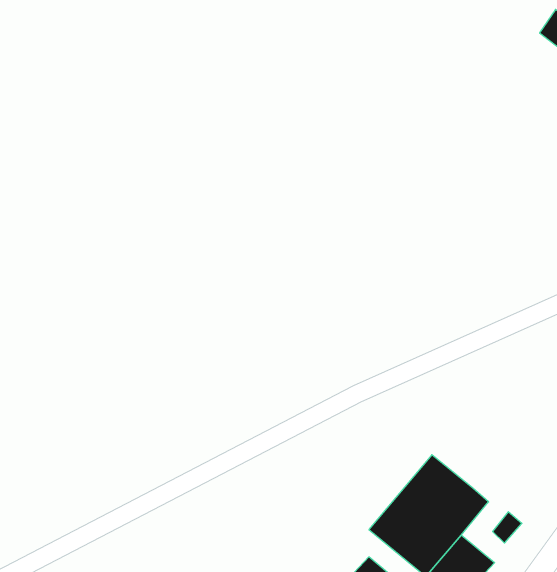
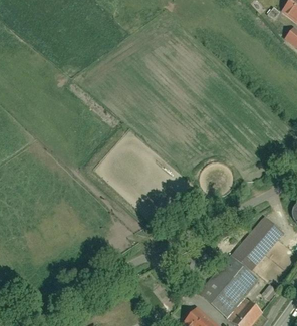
building: none -> [229,215,284,272]

